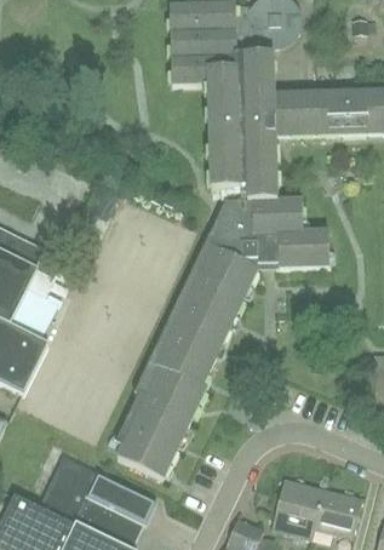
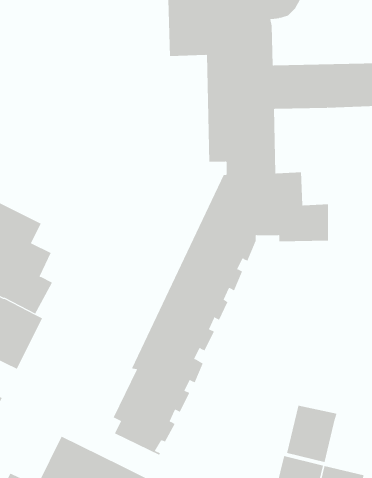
building: none -> [287,405,337,463]

